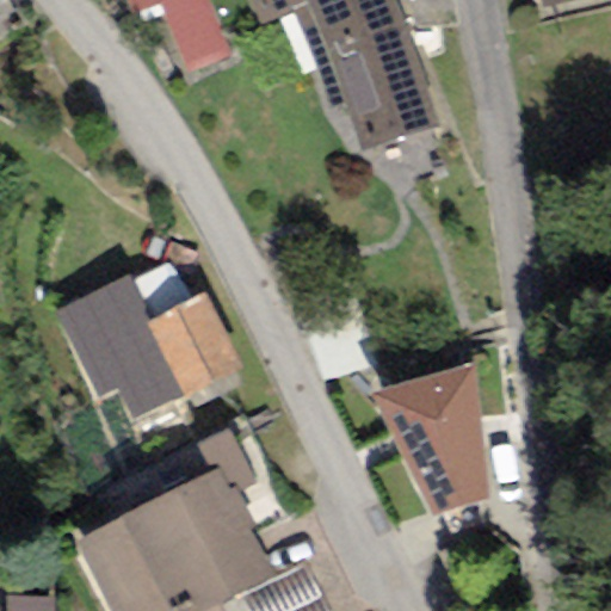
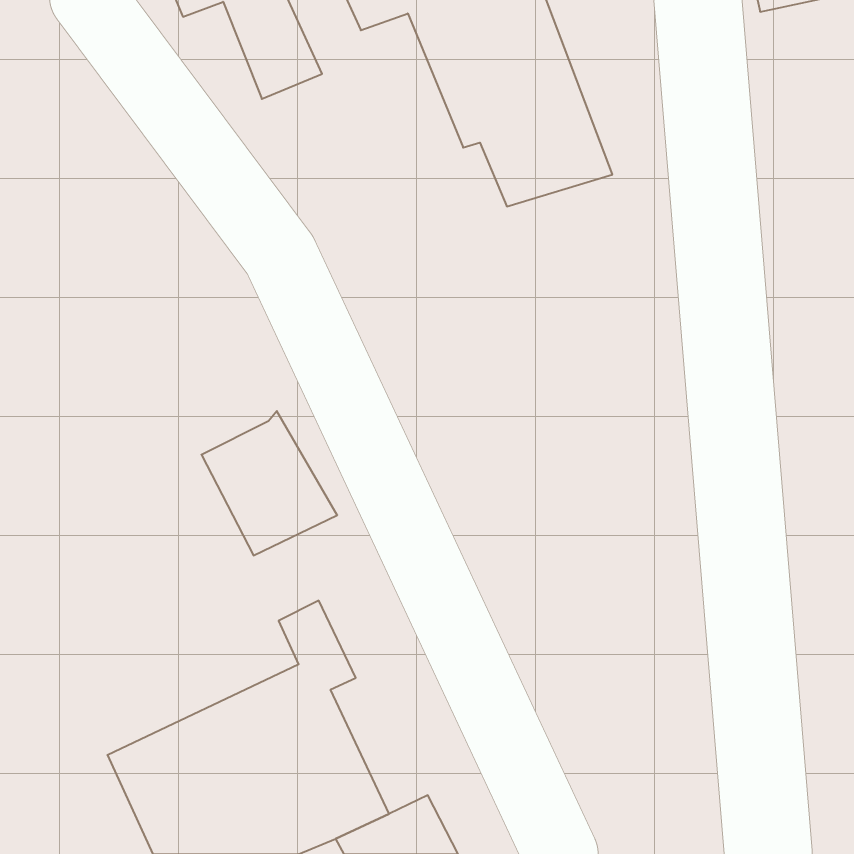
building: [50,252,193,420] -> none
building: [374,365,489,513] -> none

